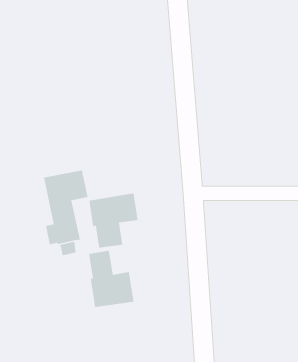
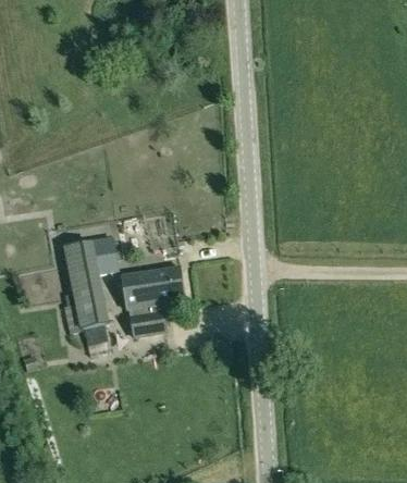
building: [88,250,135,308] -> none

